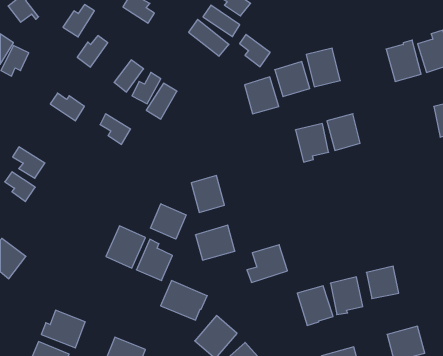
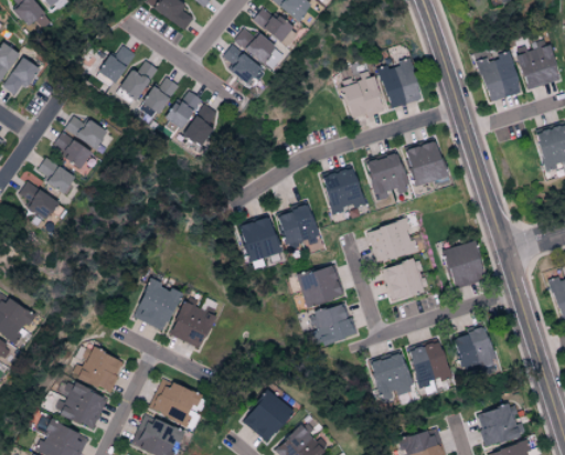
building: [63,5,94,37] -> [119,61,158,100]
building: [240,34,270,67] -> [224,45,262,85]
building: [245,77,279,114] -> [321,168,363,213]
building: [100,114,131,144] -> [54,133,92,170]
building: none -> [276,205,319,246]
building: [5,172,35,202] -> [38,158,75,194]
building: none -> [371,219,415,263]
building: none -> [444,242,483,288]
building: [150,204,186,239] -> none
building: none -> [385,258,427,301]
building: [195,225,235,260] -> [297,265,345,308]
building: [161,281,207,320] -> [150,380,207,428]
building: none -> [73,349,124,392]

